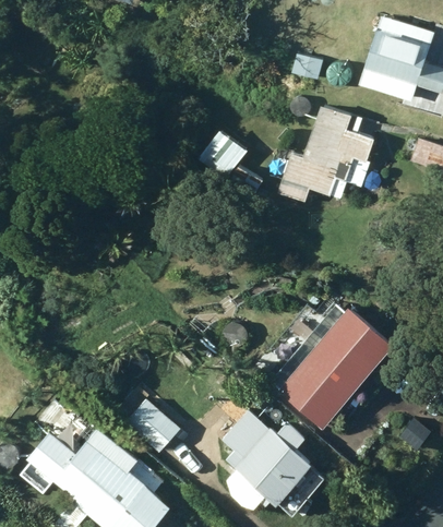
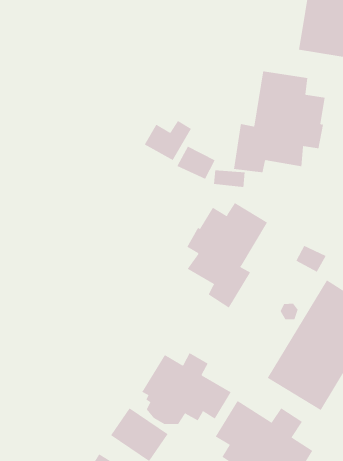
building: none -> [187,202,268,309]
building: none -> [142,352,231,425]

